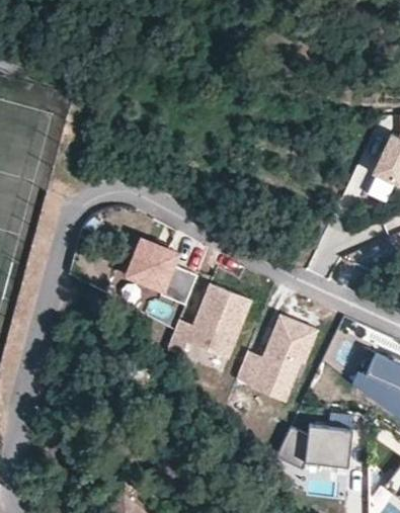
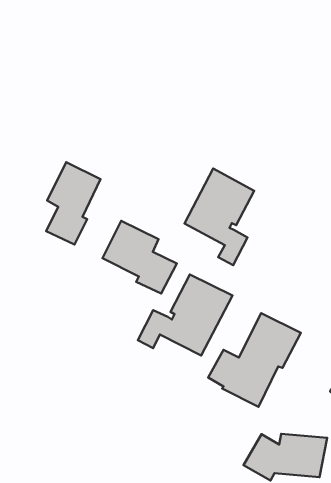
building: none -> [184,169,254,265]
building: none -> [46,162,101,244]

